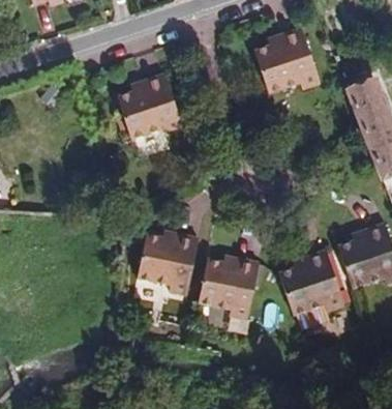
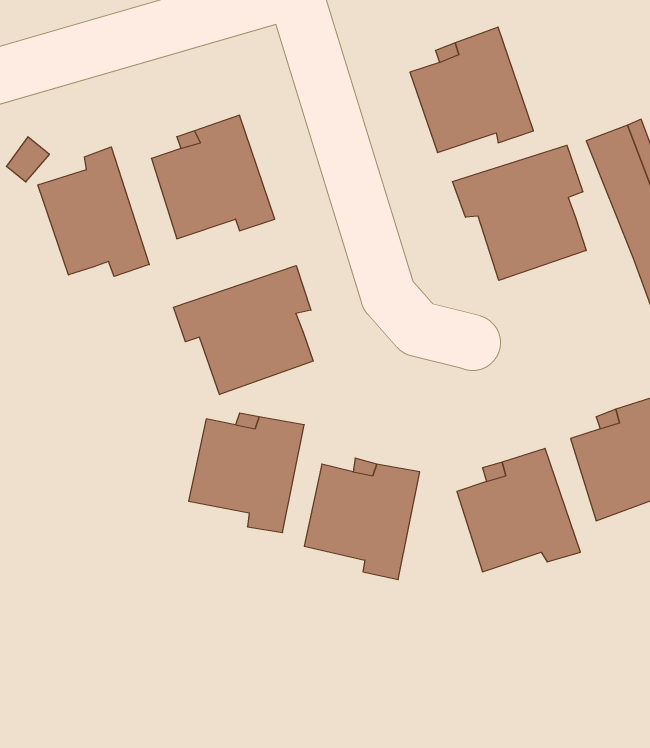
building: none -> [453,145,586,280]
building: none -> [38,147,149,276]
building: none -> [174,266,313,395]

